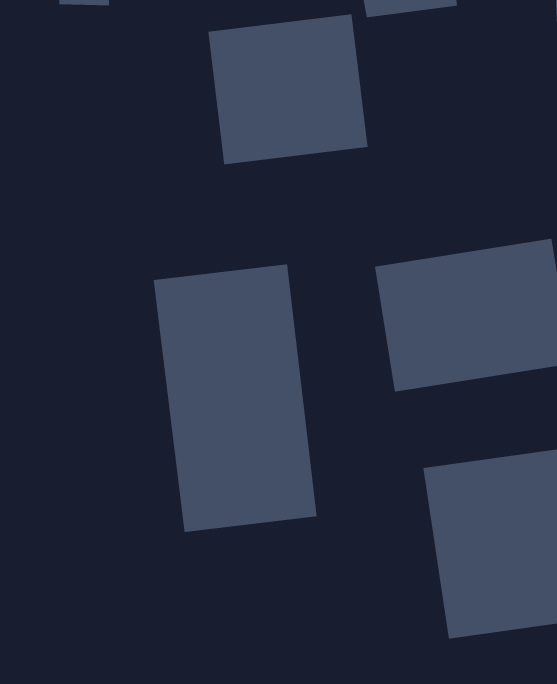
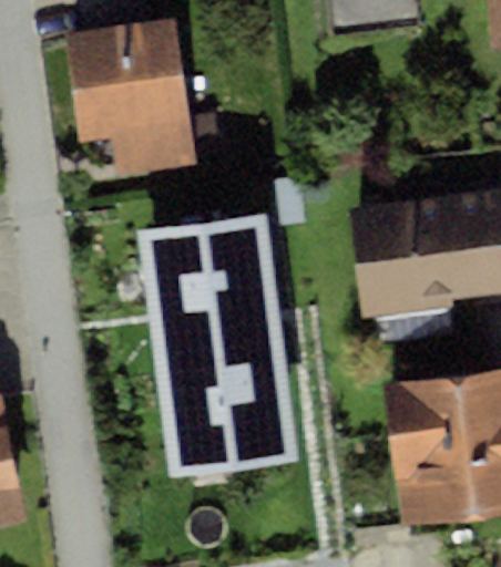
building: [208,14,368,165] -> none
building: none -> [65,18,190,177]

